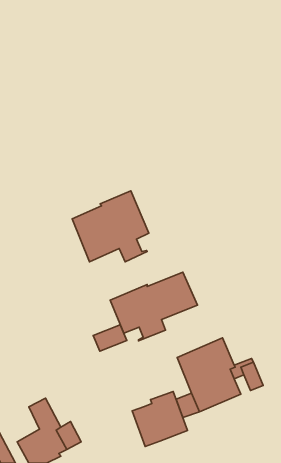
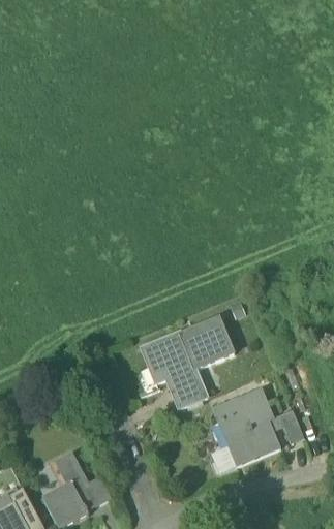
building: [72,191,149,262] -> none
building: [93,325,127,351] -> [171,380,207,408]
building: [132,391,187,446] -> none

